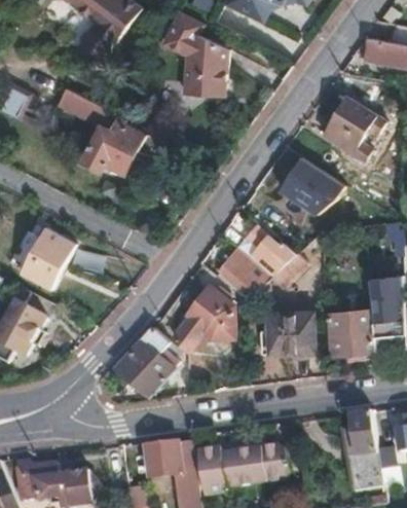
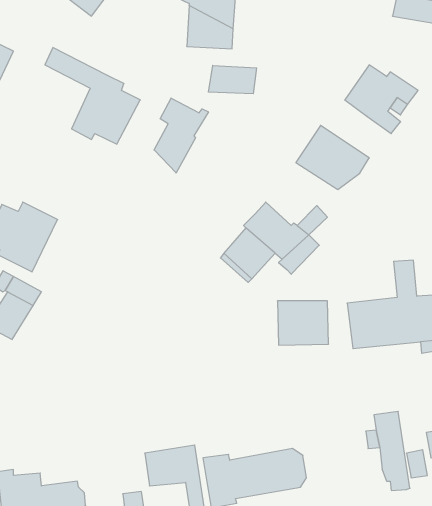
building: none -> [209,65,257,94]
building: none -> [154,98,208,173]
building: [172,288,235,350] -> none
building: [115,327,170,394] -> none

